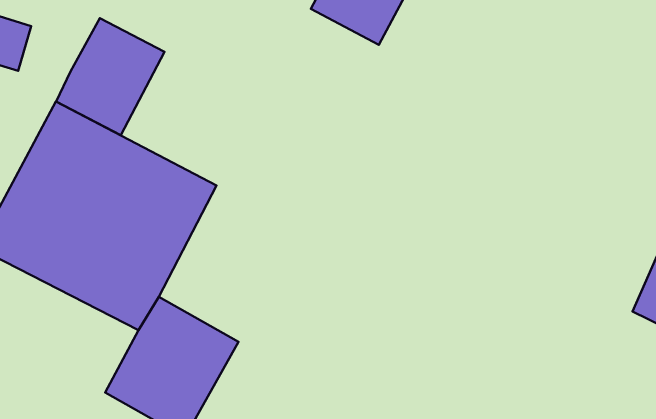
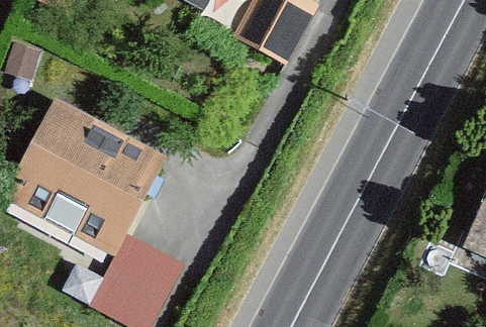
building: [56,18,165,135] -> none

